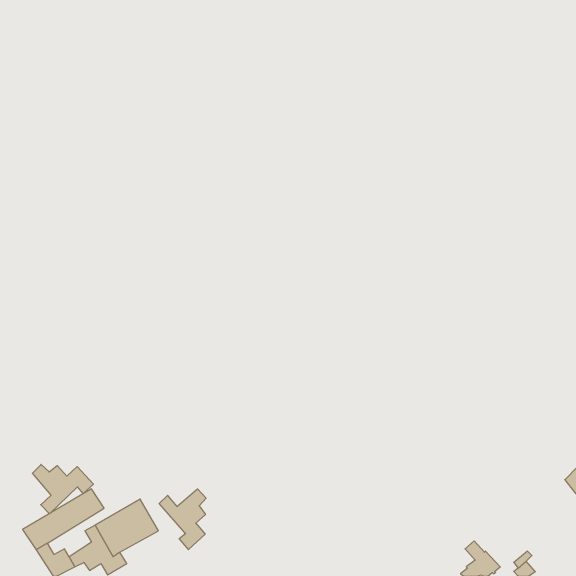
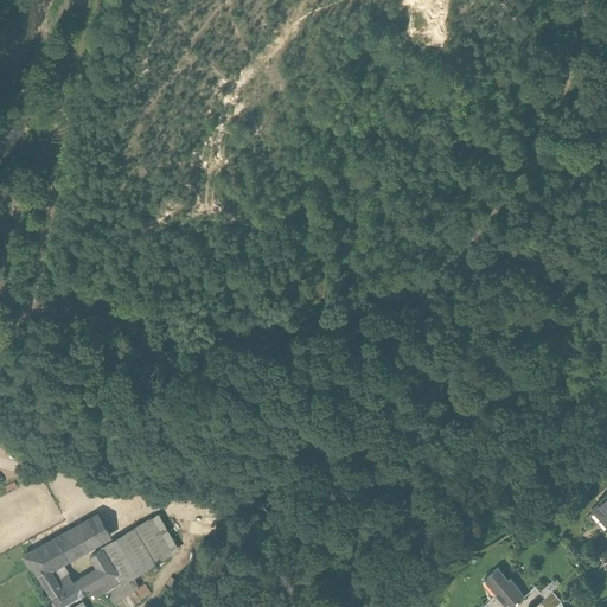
building: [32,464,93,514] -> none
building: [159,489,206,550] -> none

